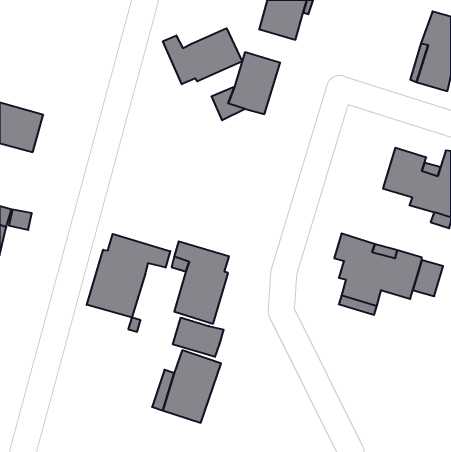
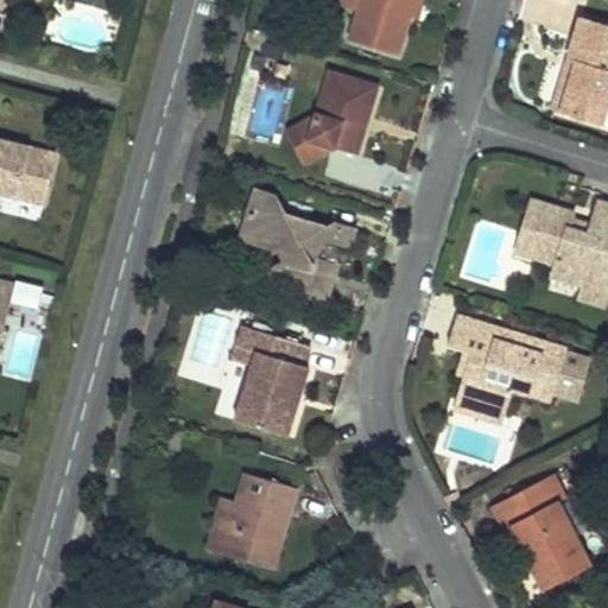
building: [163,28,242,84] -> none
building: none -> [240,189,353,299]
building: [87,234,170,318] -> none
building: [173,318,224,357] -> none
building: none -> [492,474,593,587]

